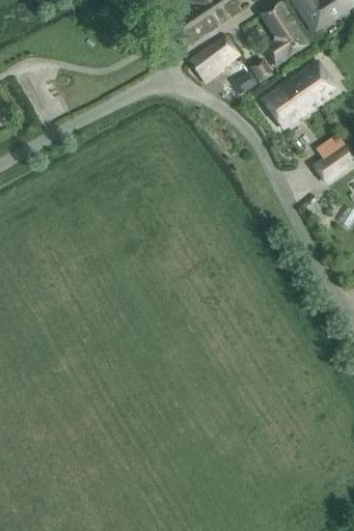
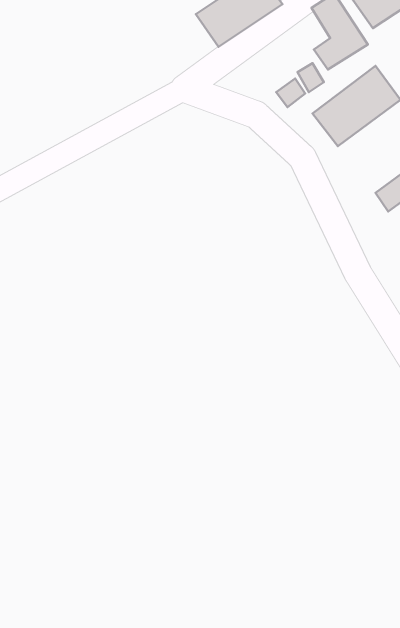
building: [189,34,237,81] -> none

